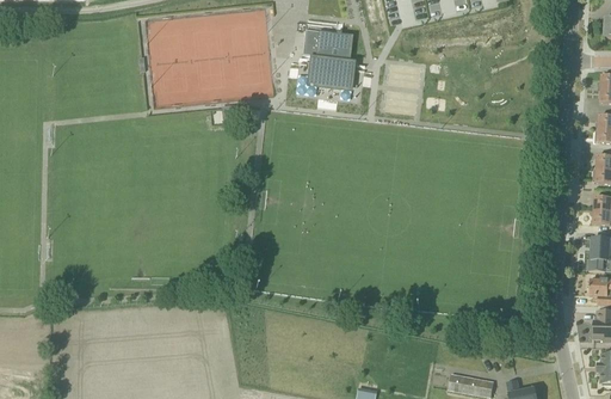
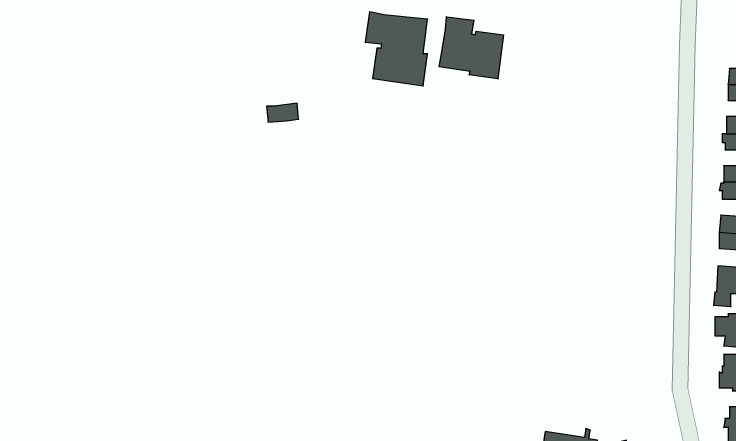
building: none -> [439,17,504,79]

